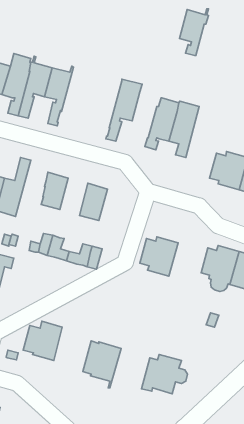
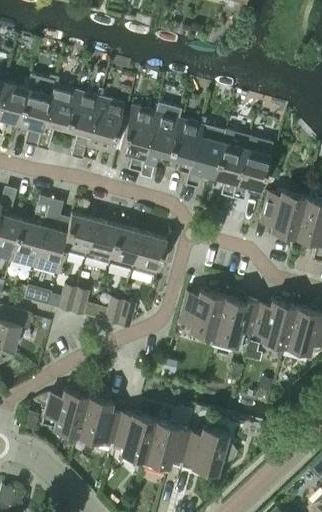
building: [180,9,208,56] -> [171,118,205,173]
building: none -> [83,90,124,158]
building: none -> [120,105,159,171]
building: none -> [234,136,273,200]
building: none -> [34,199,70,272]
building: none -> [86,220,119,264]
building: none -> [132,233,167,277]
building: none -> [211,296,260,354]
building: none -> [79,395,123,447]
building: none -> [145,420,192,473]

